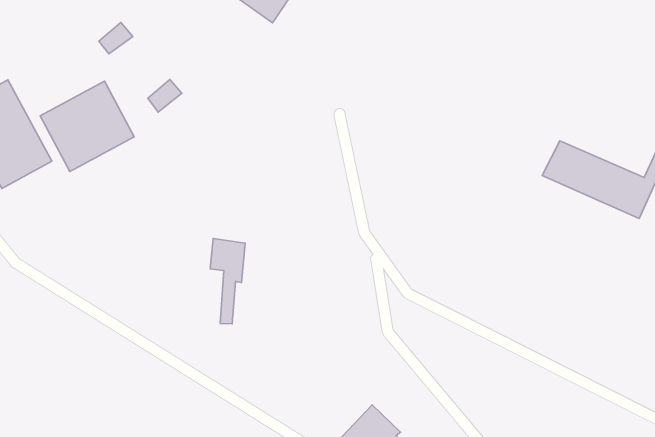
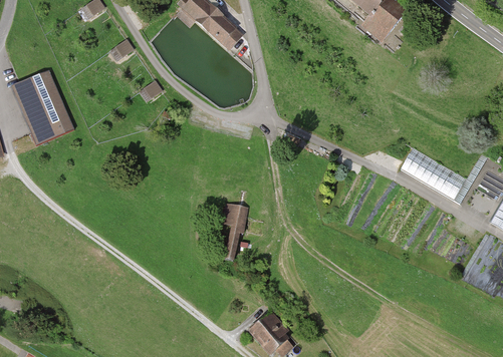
building: [40,81,134,172] -> none
building: [210,239,245,324] -> [223,202,248,260]

